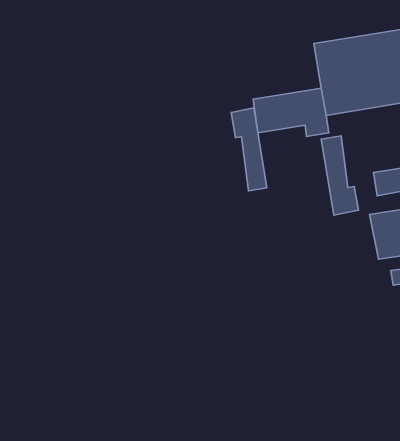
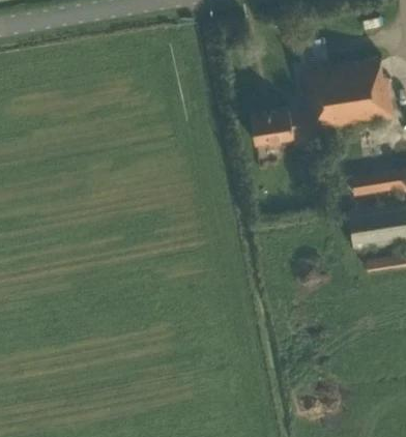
building: [231,108,267,191] -> none
building: [321,136,359,215] -> none

